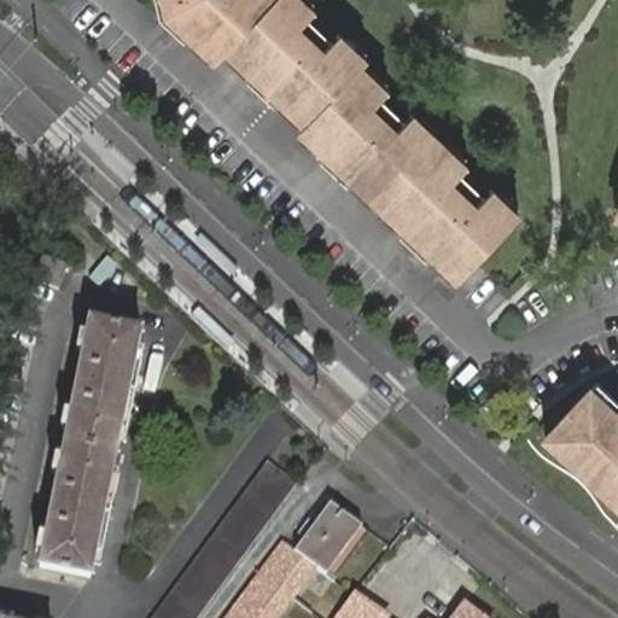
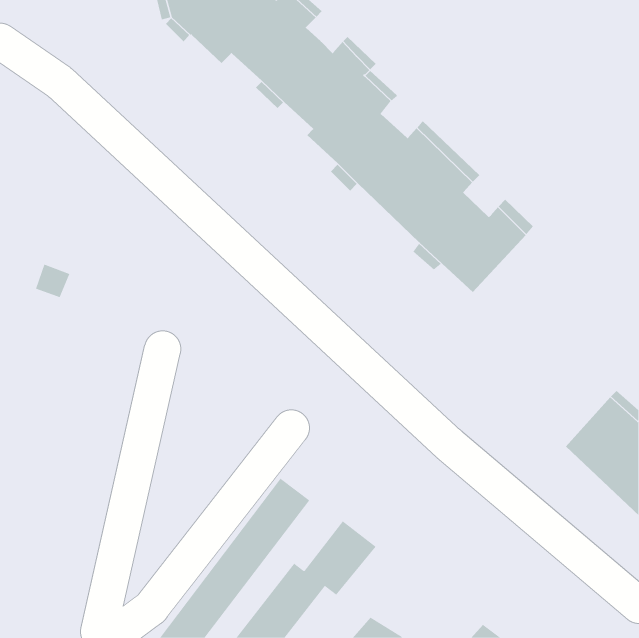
building: [36,320,140,576] -> none

